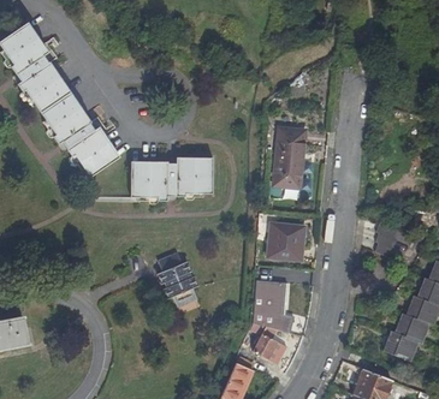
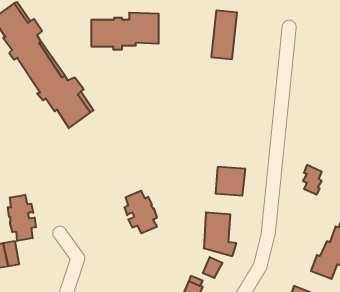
building: [273,130,304,189] -> [211,10,237,59]
building: [130,157,212,202] -> [91,13,159,49]
building: none -> [8,195,36,241]

